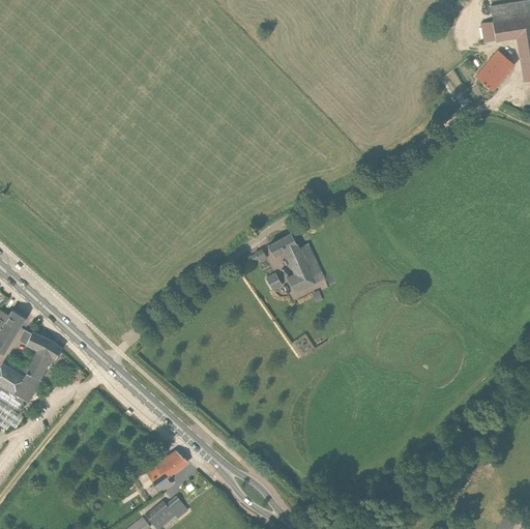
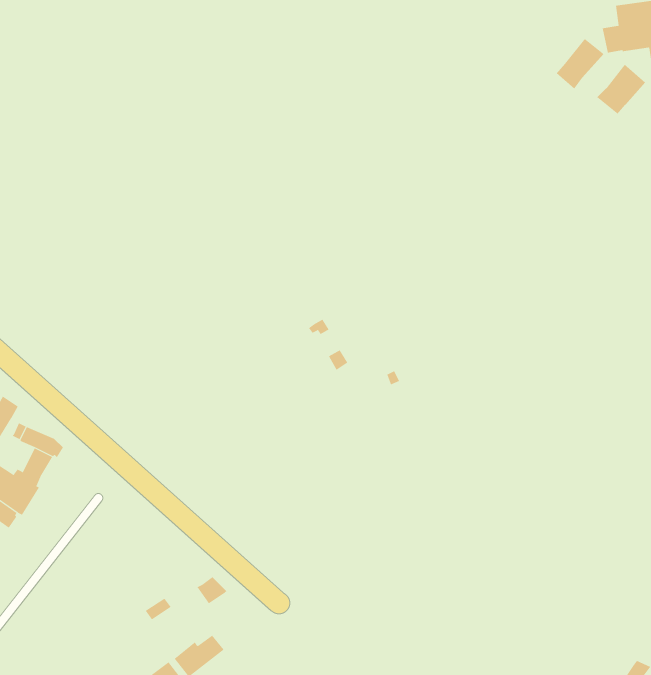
building: none -> [556,38,604,90]
building: [268,234,324,294] -> none
building: [146,460,173,493] -> none

